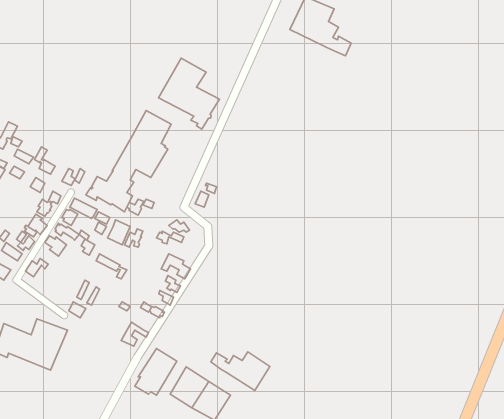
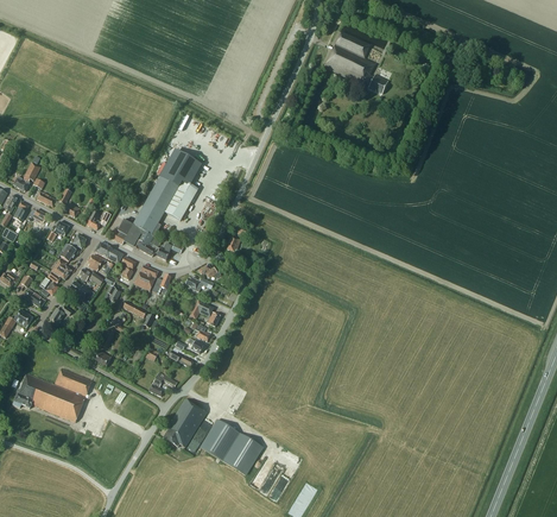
building: [159,58,220,129] -> none
building: [211,352,270,390] -> none

